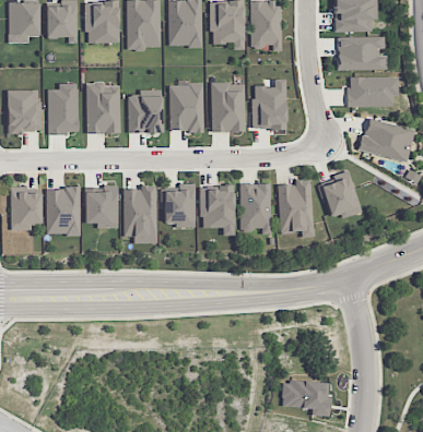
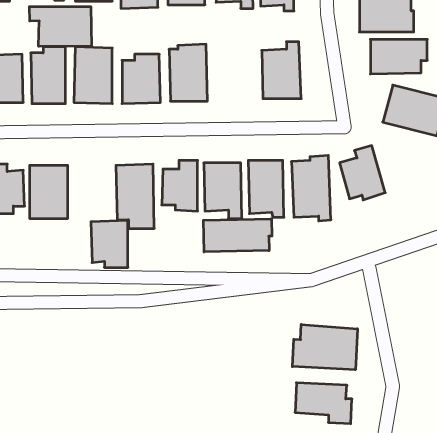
building: none -> [29,7,92,46]
building: [210,82,245,132] -> none
building: [84,187,117,228] -> [91,221,128,267]
building: none -> [203,219,272,252]
building: none -> [292,324,357,370]

